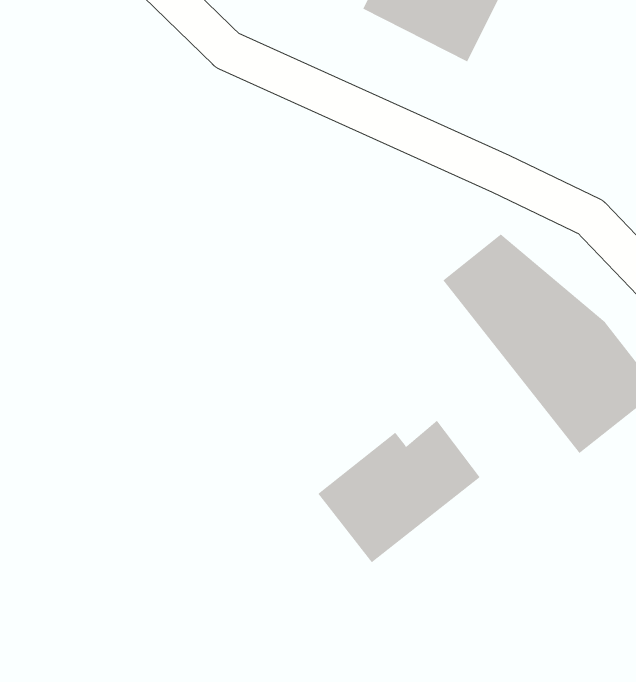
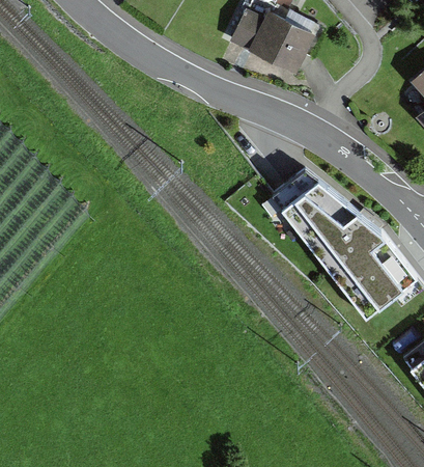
building: [318,420,481,563] -> none

